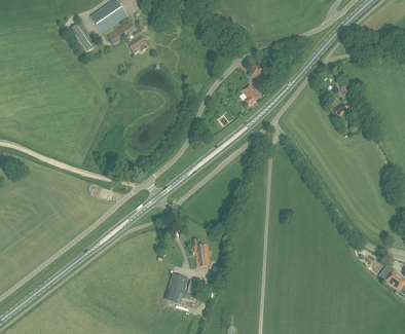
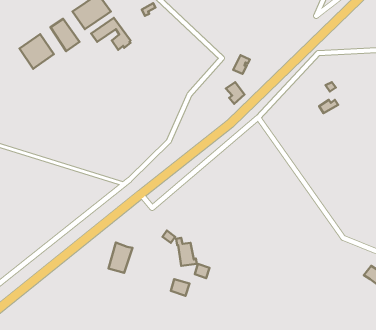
building: none -> [20,34,54,69]
building: [164,272,188,302] -> [109,243,132,273]

